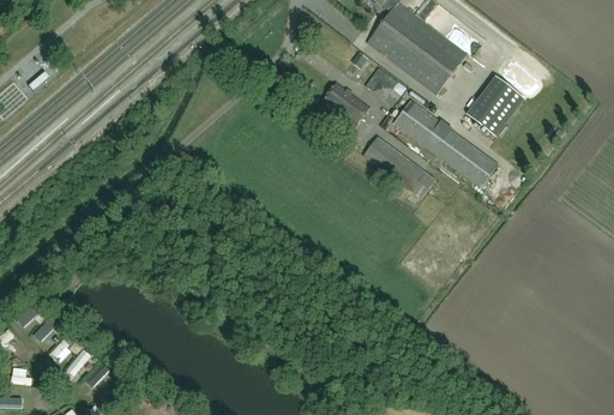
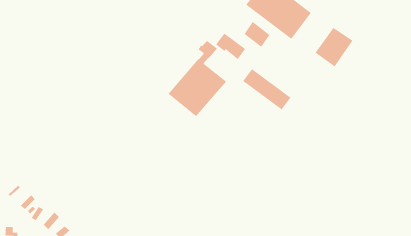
building: none -> [168,40,227,117]
building: [392,100,496,187] -> none

